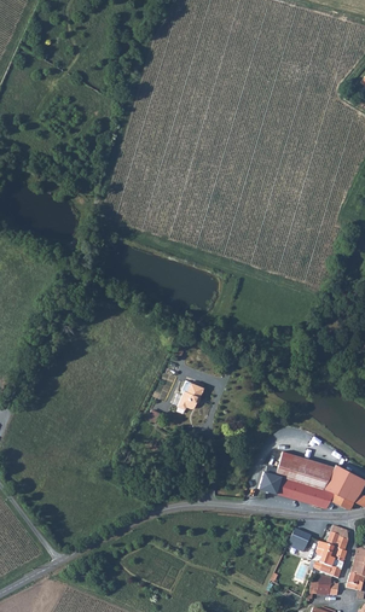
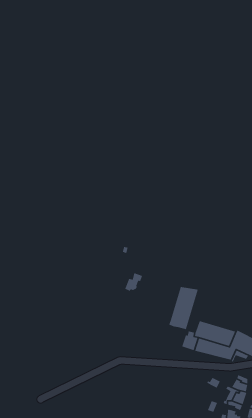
building: none -> [168,286,199,330]

